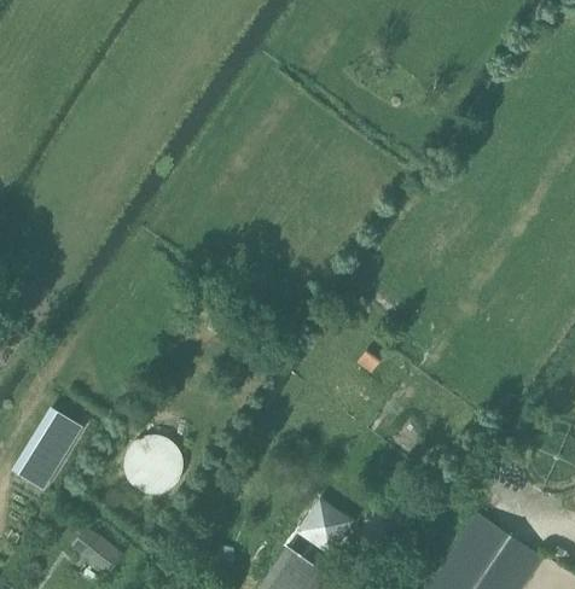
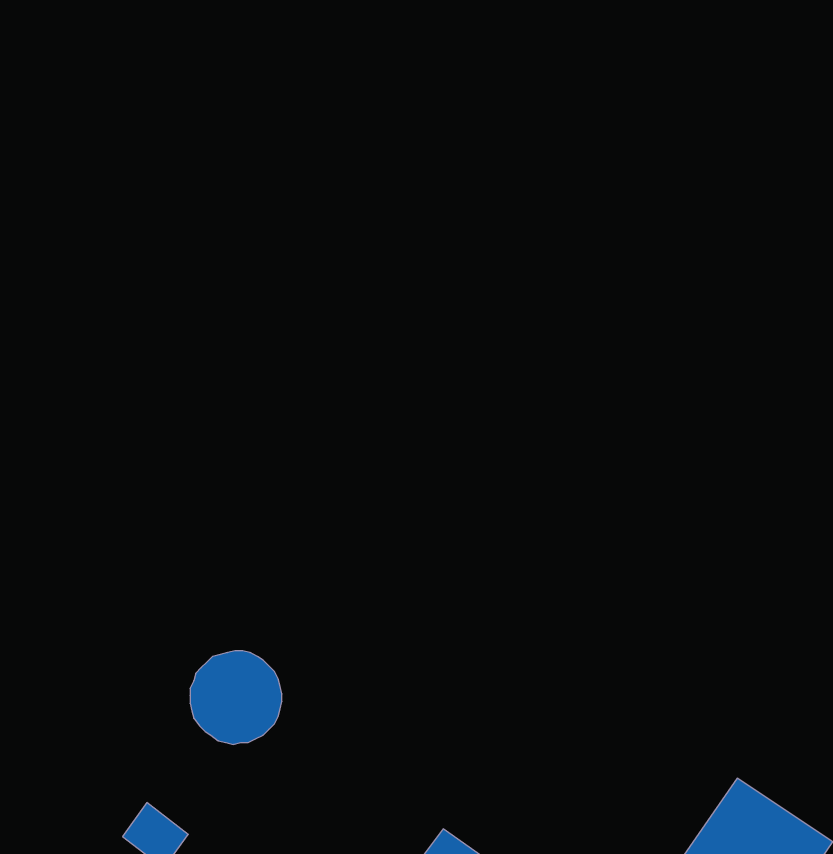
building: [16,412,79,486] -> none
building: [295,497,354,556] -> none

